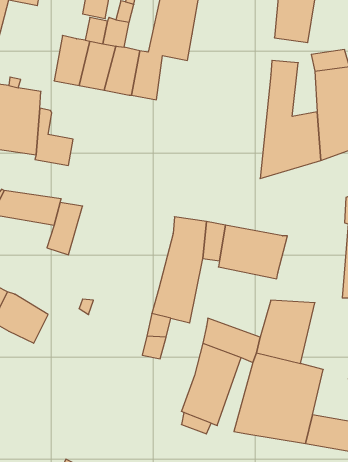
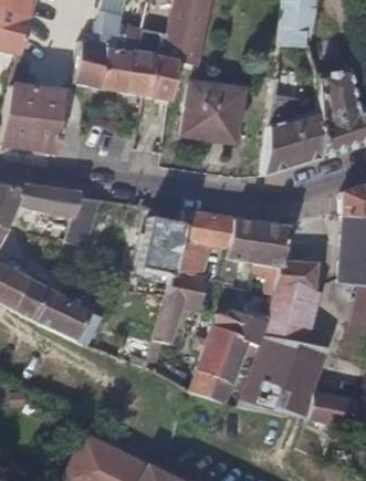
building: none -> [184,82,242,144]
building: none -> [138,218,185,275]
building: none -> [275,261,318,289]
building: none -> [55,300,100,342]

